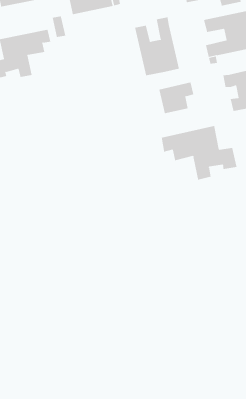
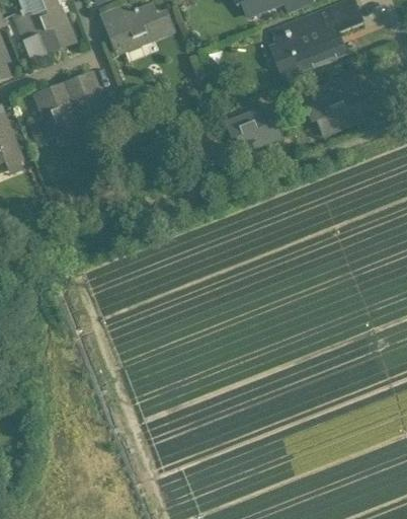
building: [135,17,180,76] -> none
building: [161,125,237,181] -> none

